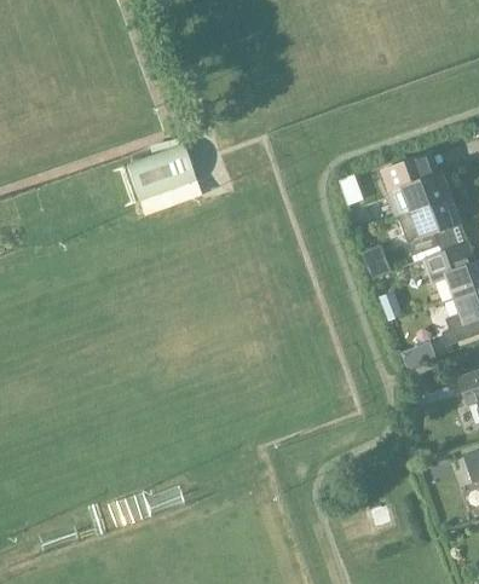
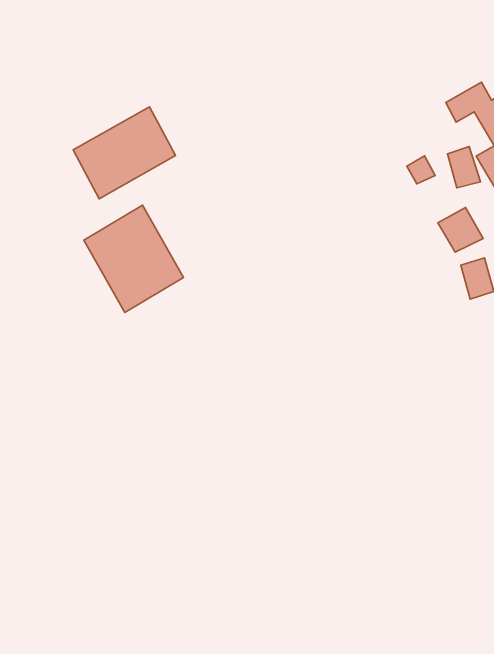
building: none -> [84,205,184,312]

